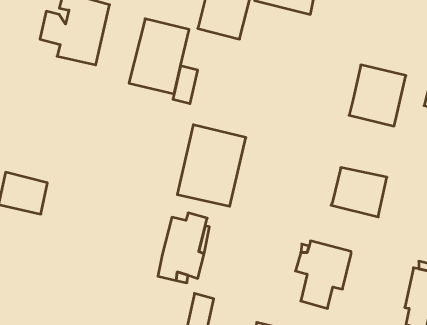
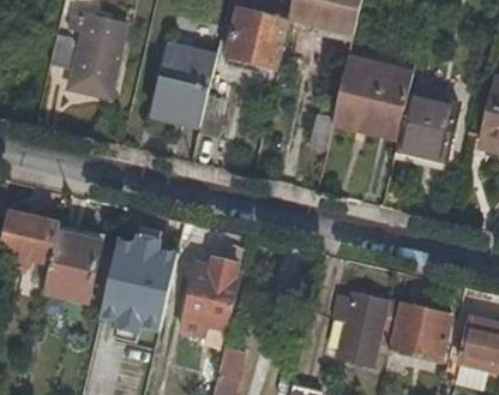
building: none -> [331,64,411,131]
building: [177,125,246,206] -> [102,239,179,330]
building: [331,168,387,217] -> [386,304,449,359]
building: none -> [42,225,100,301]

